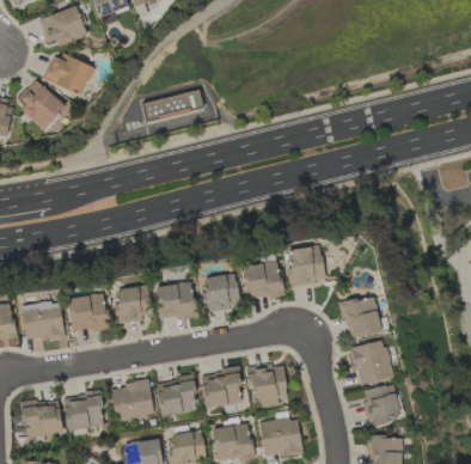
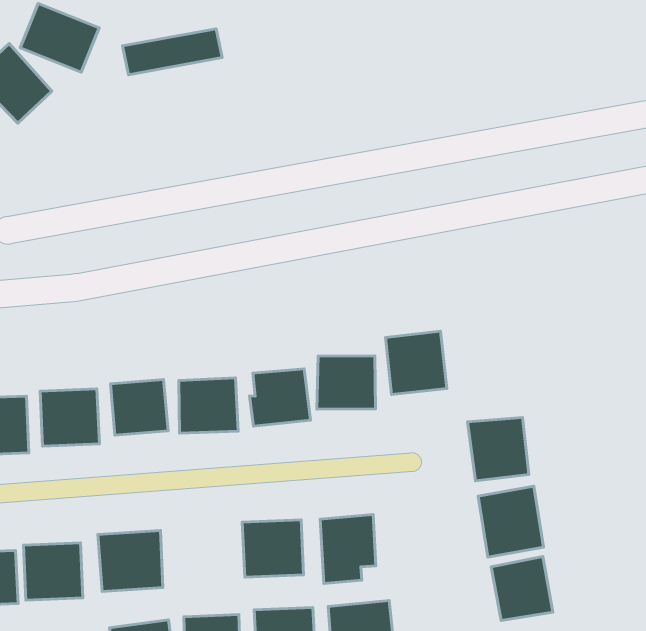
building: [140,90,203,122] -> [123,29,222,75]
building: [155,379,197,416] -> none

